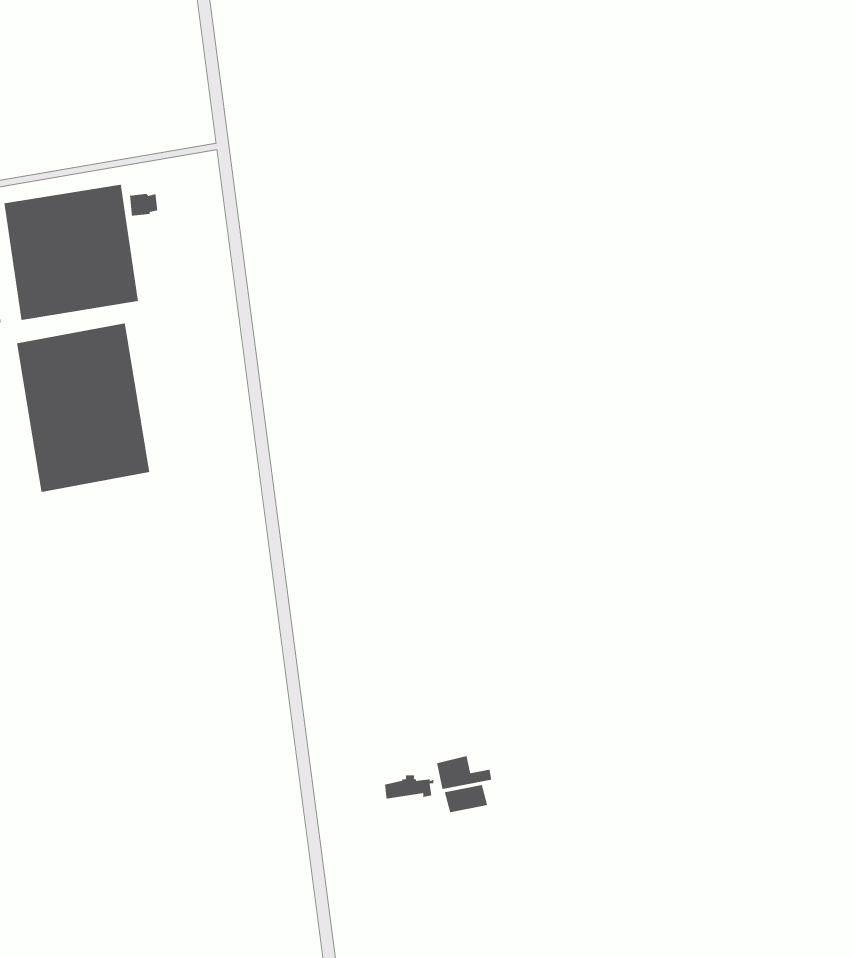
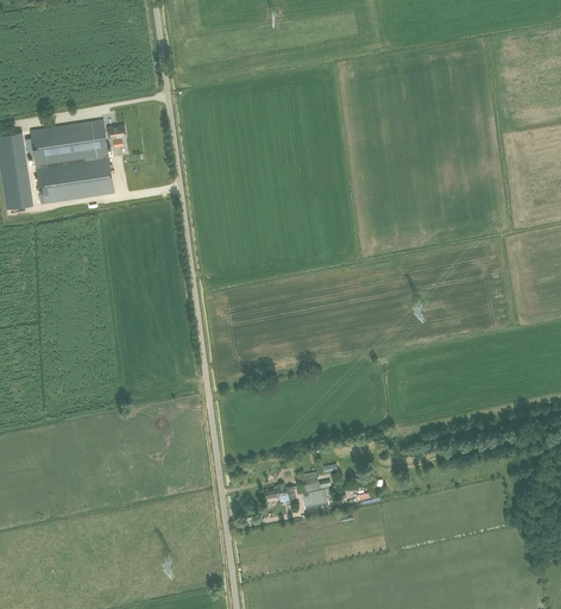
building: [16,322,150,493] -> none

